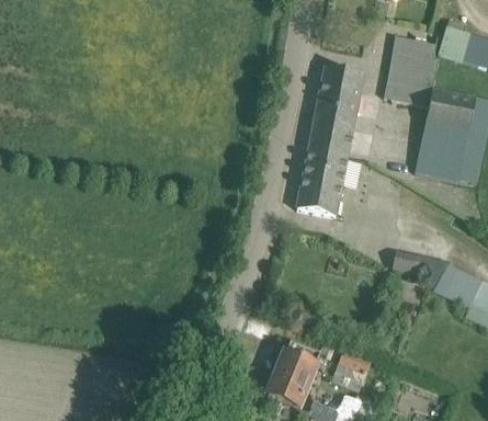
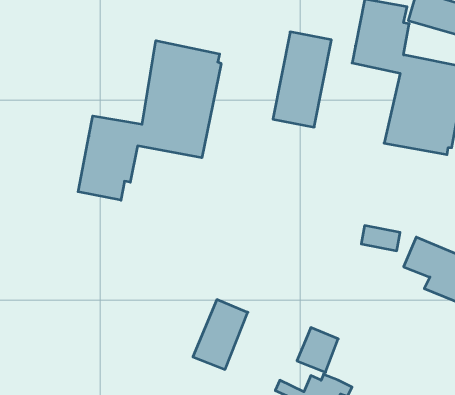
building: none -> [78,41,221,200]
building: [295,149,347,216] -> none
building: [266,340,319,407] -> [193,300,248,369]

